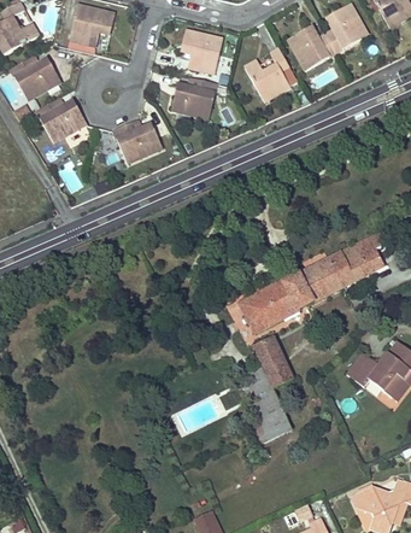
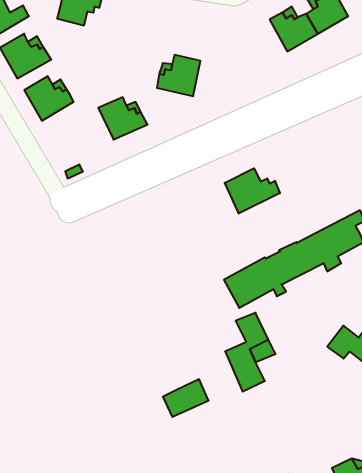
building: [182,29,223,72] -> none
building: [242,46,288,100] -> none
building: none -> [225,168,280,214]
building: [245,409,292,447] -> [163,379,209,417]

